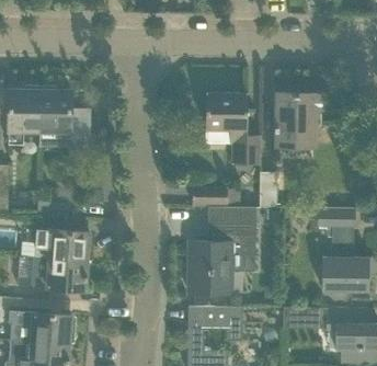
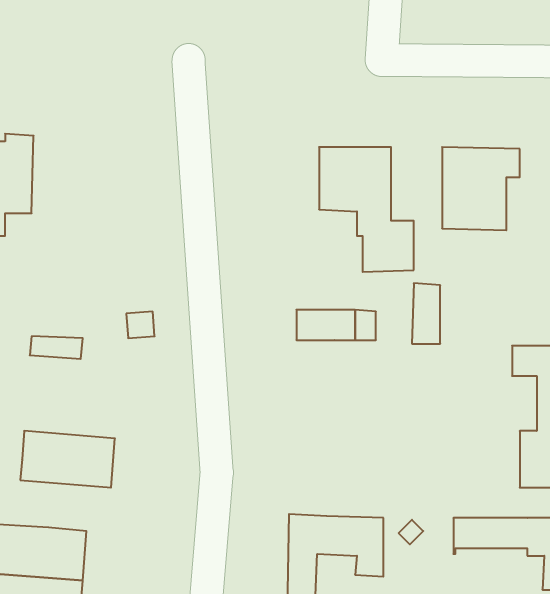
building: [39,85,91,146] -> none
building: [188,206,255,293] -> none
building: [35,228,89,261] -> none

